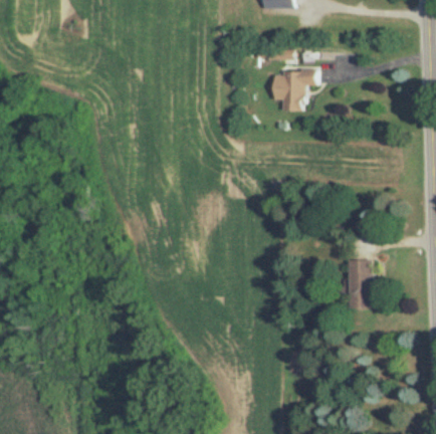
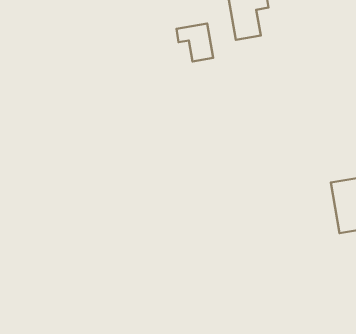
building: none -> [176,24,213,61]

